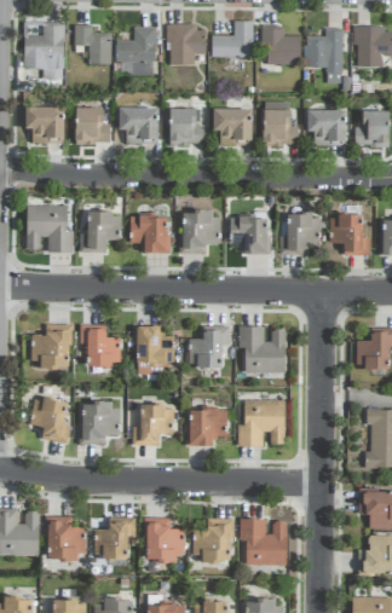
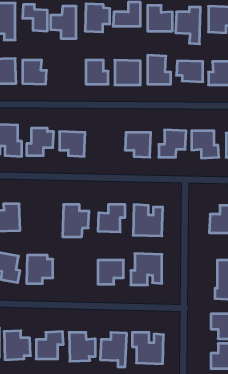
building: [119,106,158,141] -> none
building: [181,210,220,253] -> none
building: [80,324,120,365] -> none
building: [133,403,173,445] -> none

